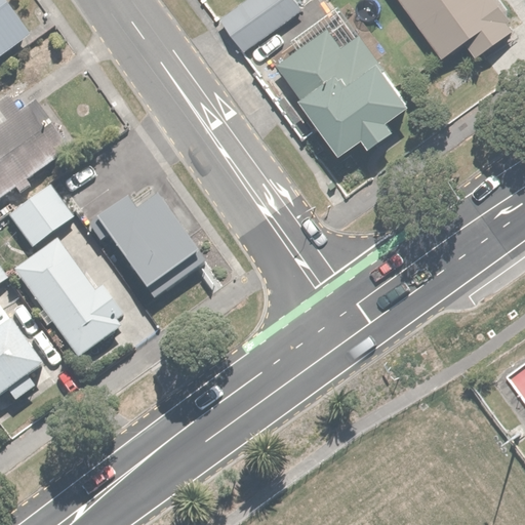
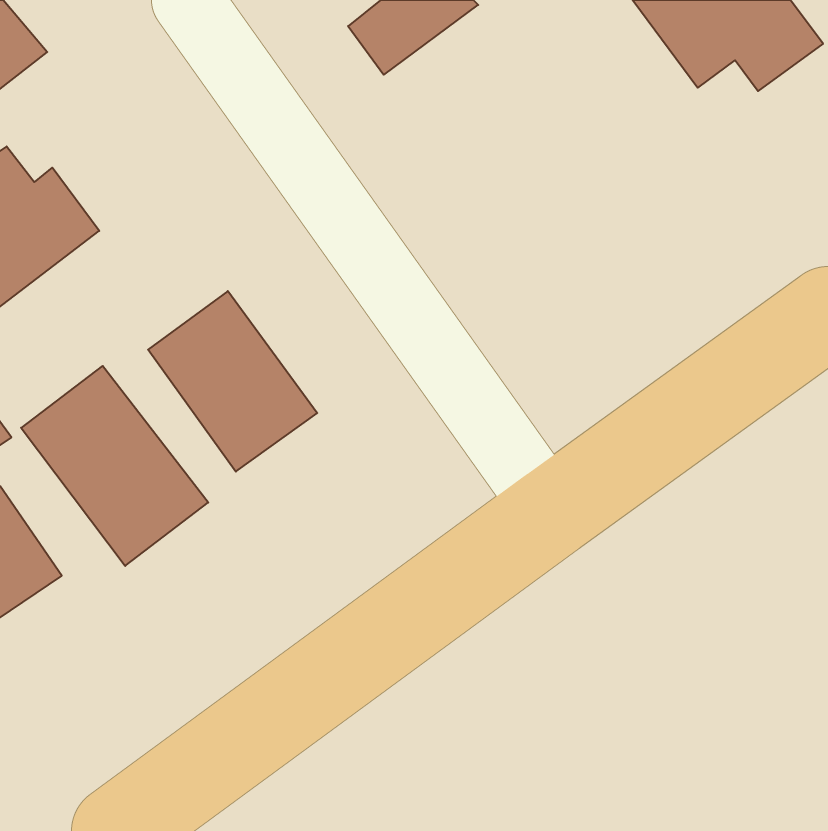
building: [277,30,410,153] -> none
building: [7,187,70,246] -> none

